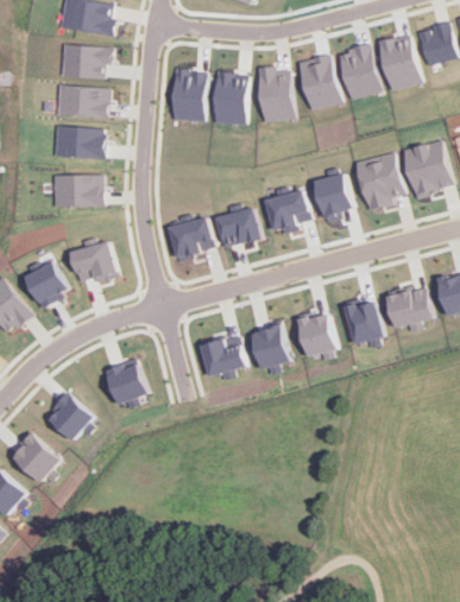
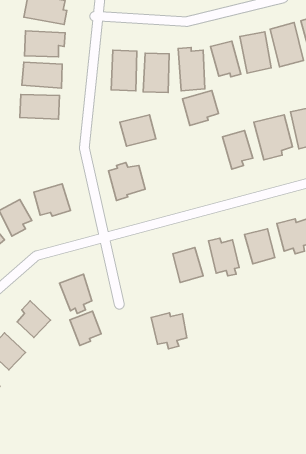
building: [52,175,101,207] -> none
building: [264,189,310,234] -> [182,91,218,126]
building: [214,207,260,247] -> [120,115,156,146]
building: [197,335,244,381] -> [151,313,187,349]
building: none -> [70,311,101,346]

